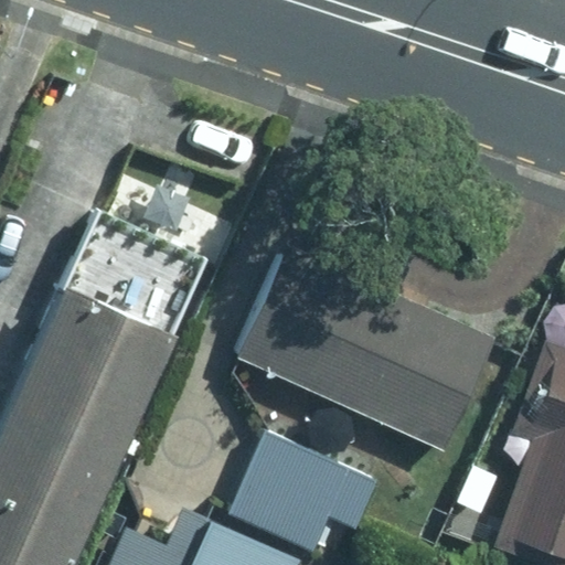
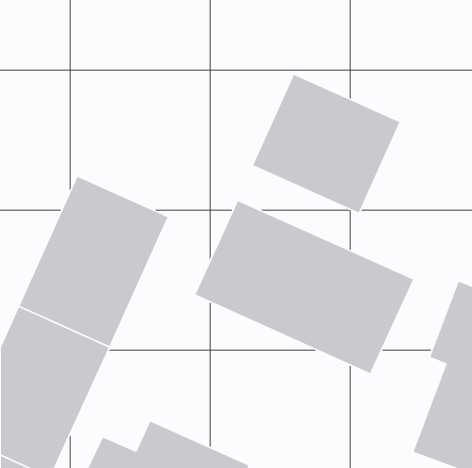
building: none -> [252,74,400,214]
building: [226,431,377,552] -> none

